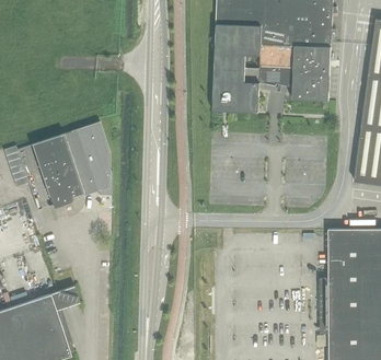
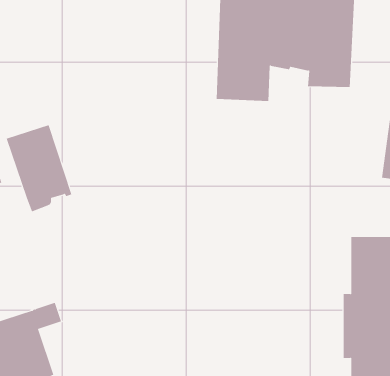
building: [68,123,111,195] -> none

